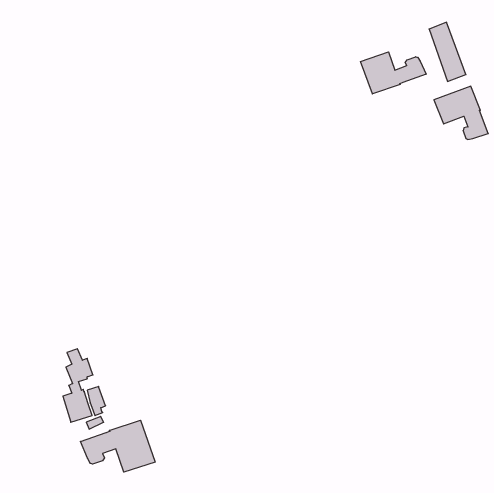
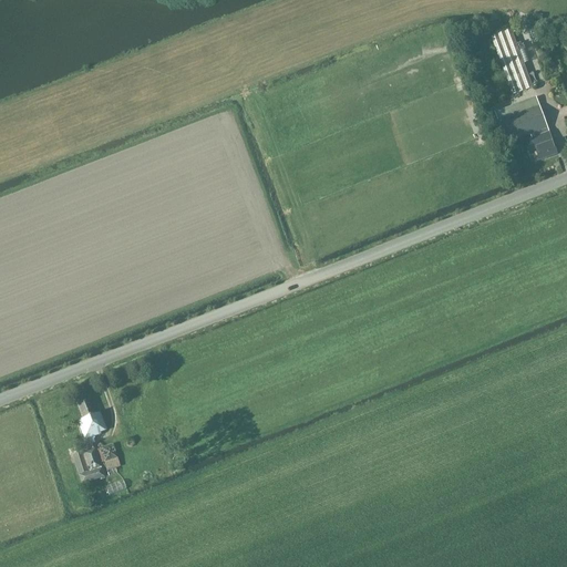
building: [361,52,426,94] -> none
building: [80,420,155,472] -> none

